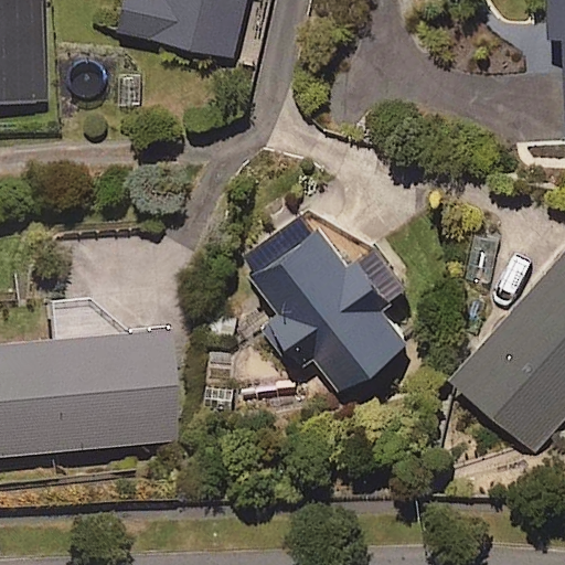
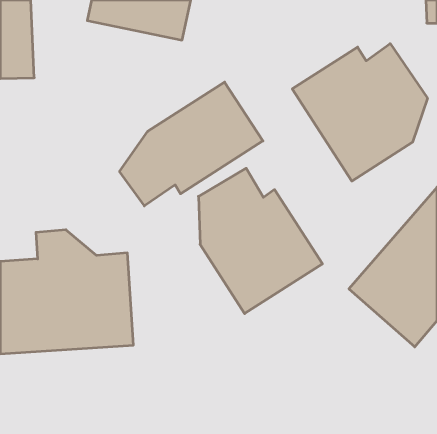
building: none -> [292,44,427,181]
building: none -> [120,82,263,206]

